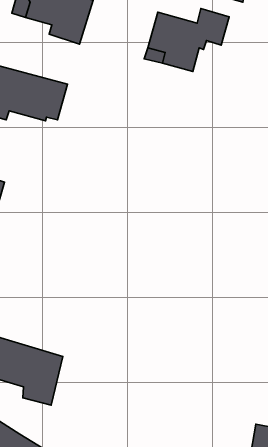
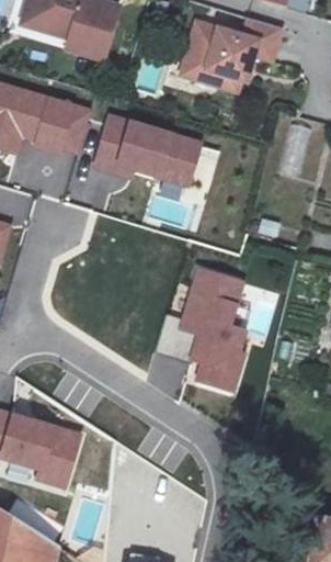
building: none -> [93,115,198,183]
building: none -> [180,268,250,394]

